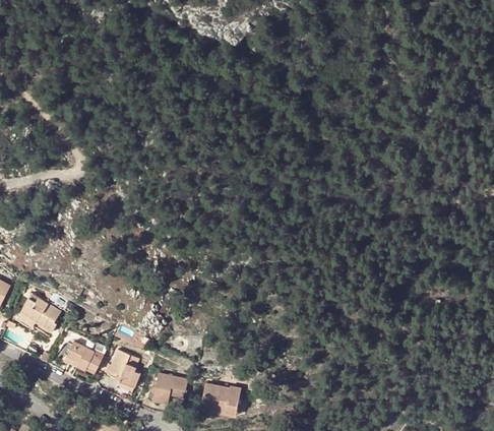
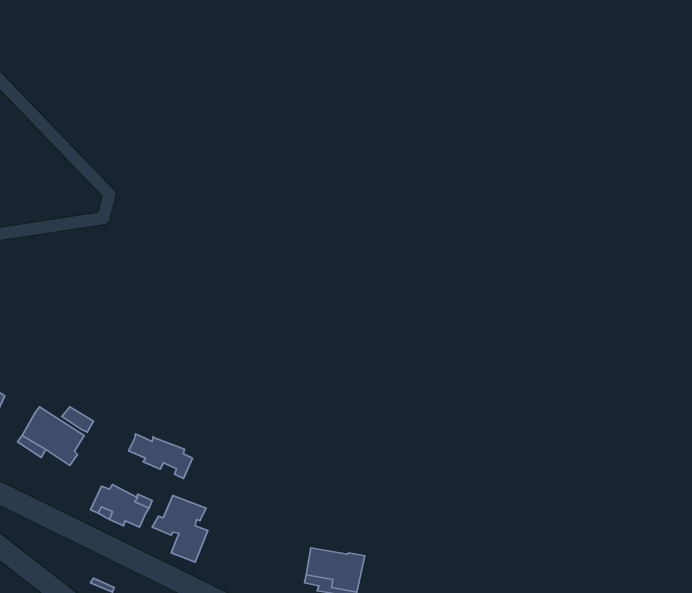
building: none -> [129,434,193,479]
building: [150,374,186,407] -> none

